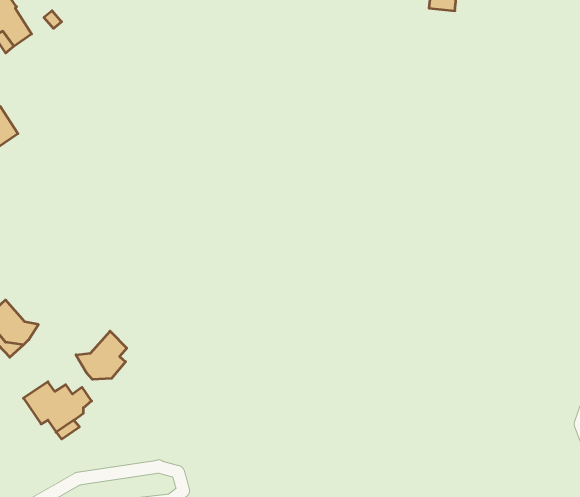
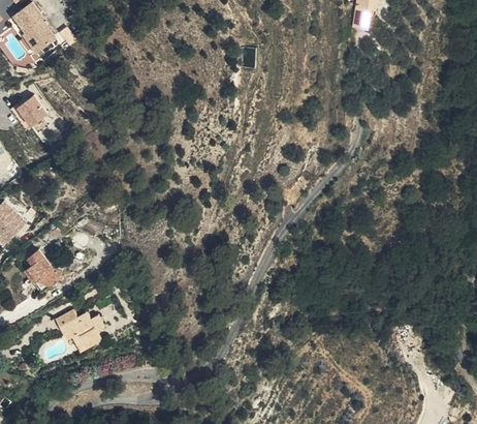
building: [76,331,127,379] -> none

